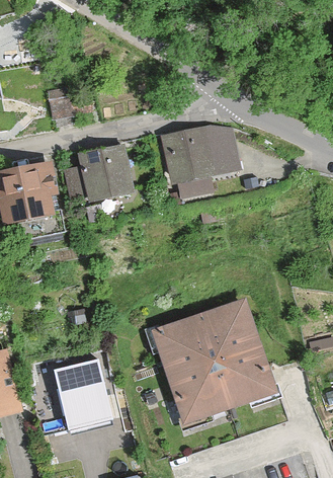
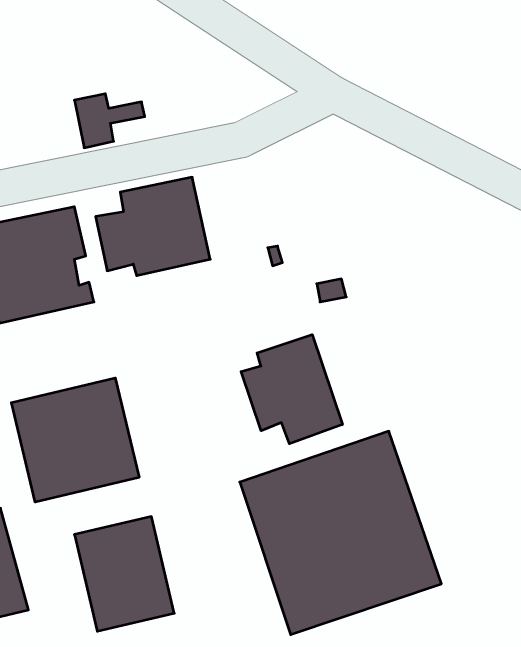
building: [160,118,242,182] -> none
building: none -> [241,335,342,444]
building: none -> [11,378,139,502]

